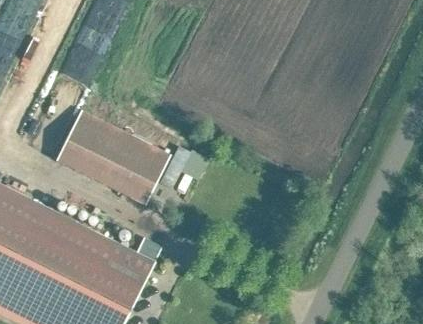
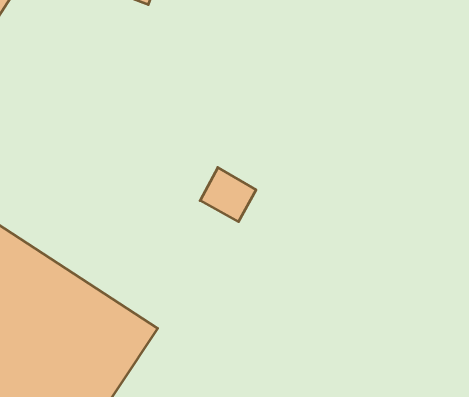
building: [55,108,171,205] -> none

